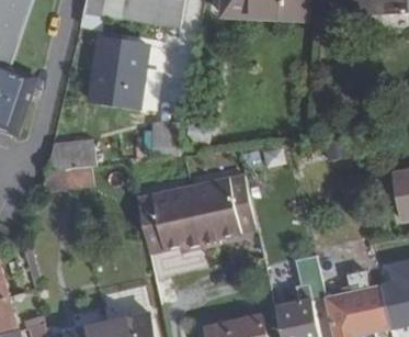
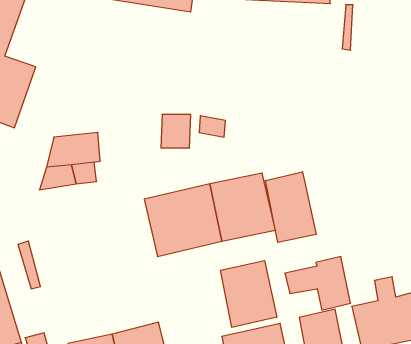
building: [89,38,147,108] -> none
building: none -> [265,172,316,242]
building: none -> [221,261,277,327]

